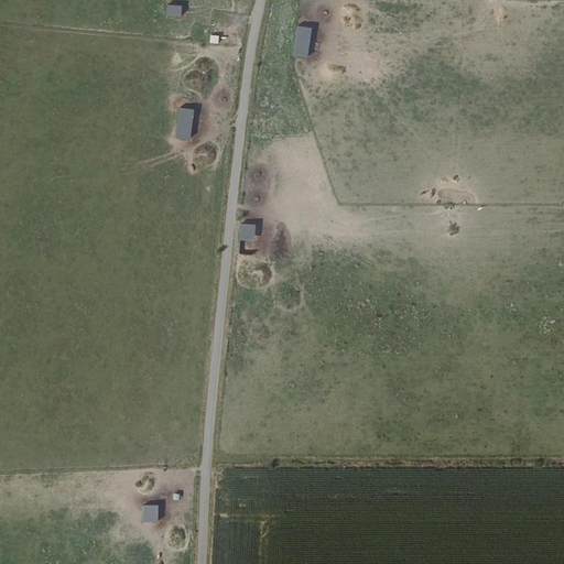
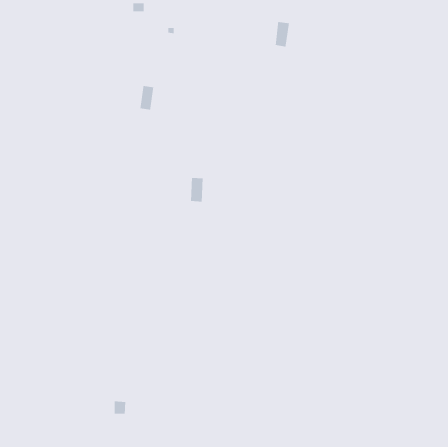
building: [293,24,312,57] -> [275,21,290,47]

